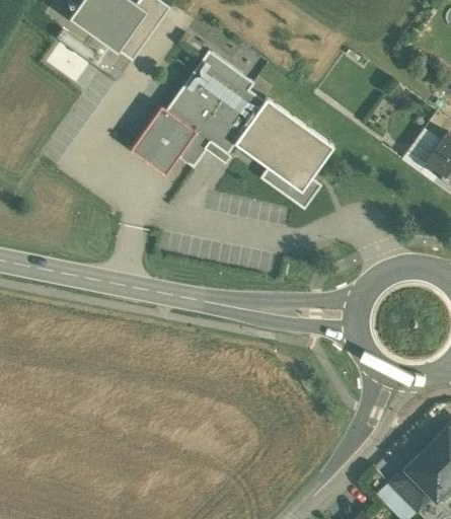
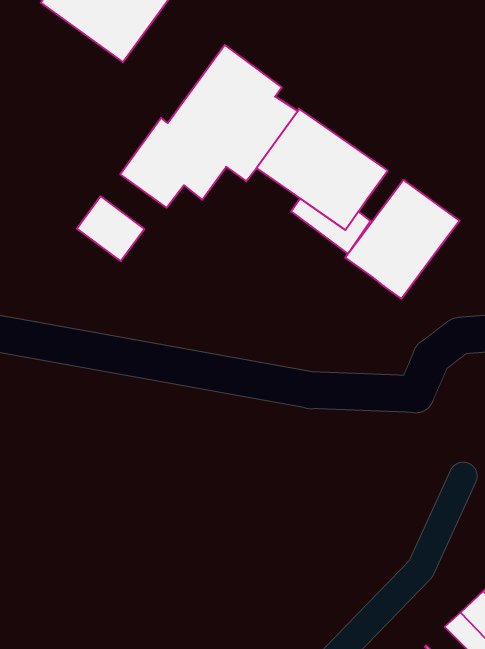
building: none -> [345,180,460,299]
building: none -> [77,196,144,261]

